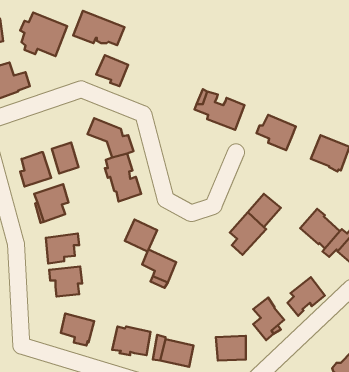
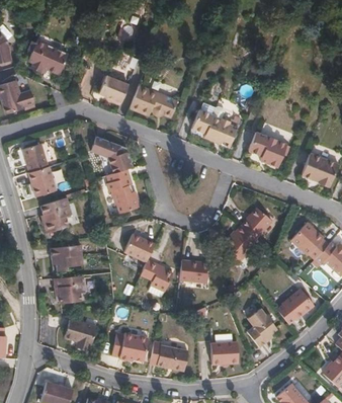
building: [73,11,125,45] -> [131,84,179,116]
building: [52,143,79,173] -> [21,144,47,173]
building: none -> [181,259,210,283]

